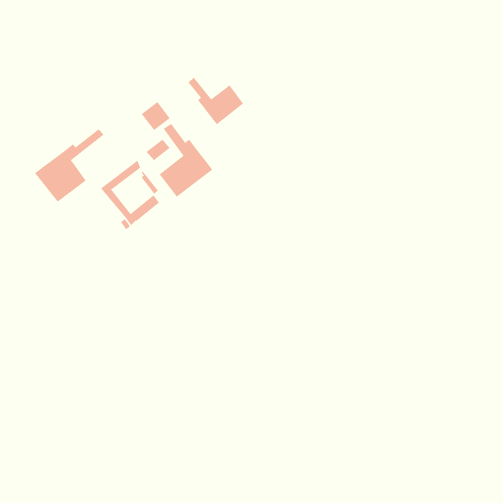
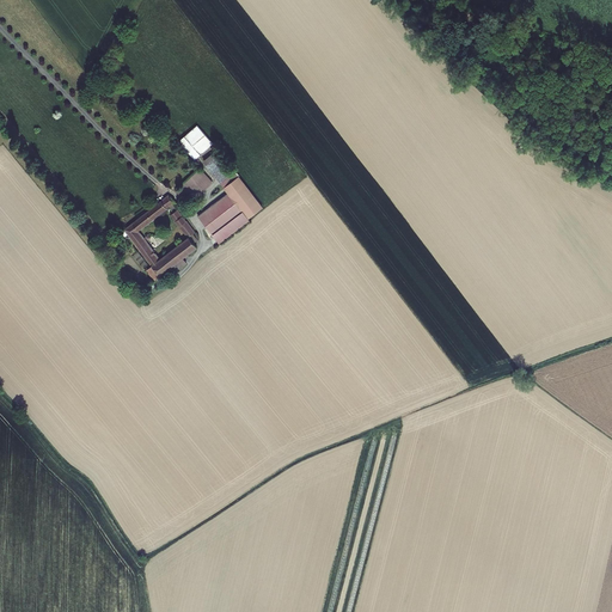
building: [188,77,244,125] -> none
building: [34,128,105,203] -> none

